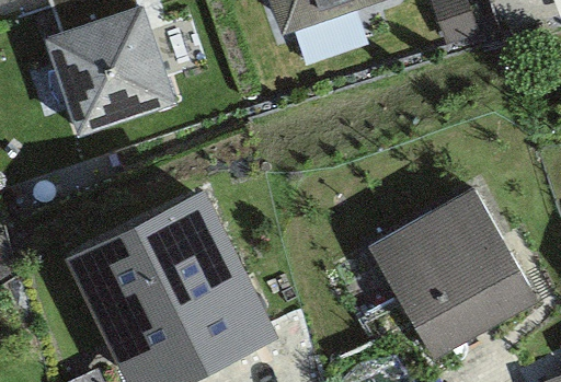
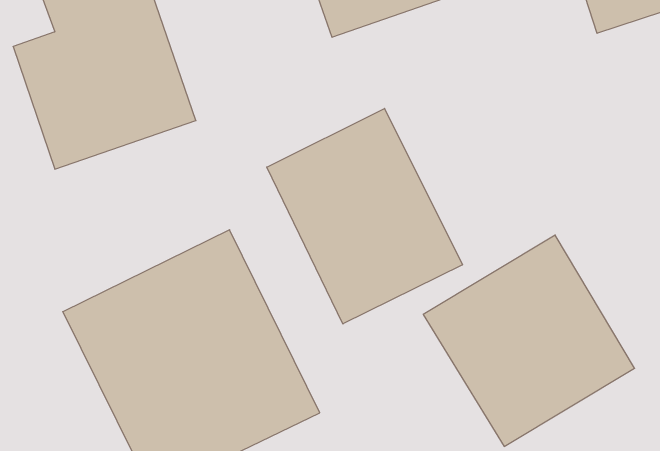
building: none -> [267,108,462,324]

